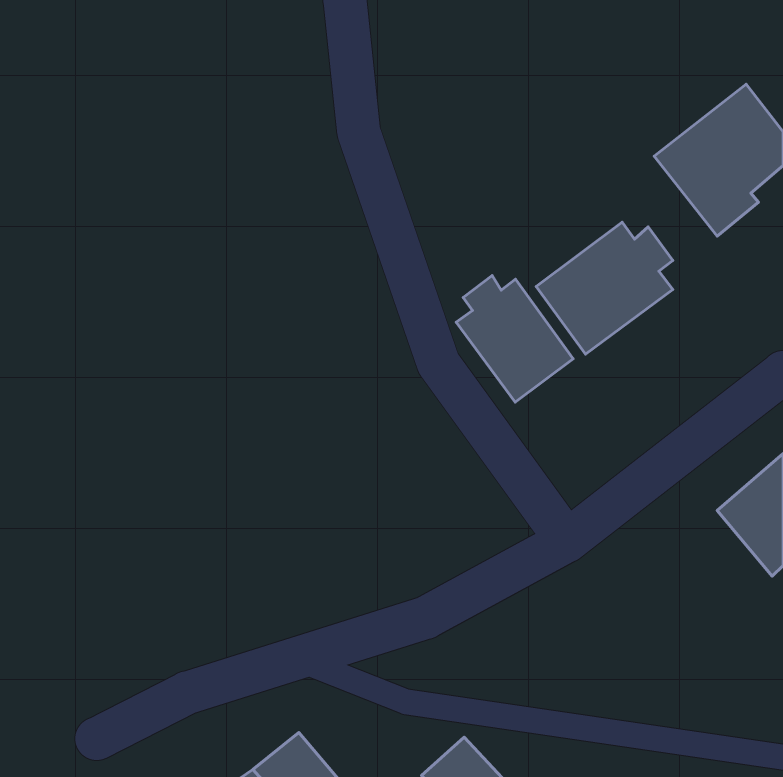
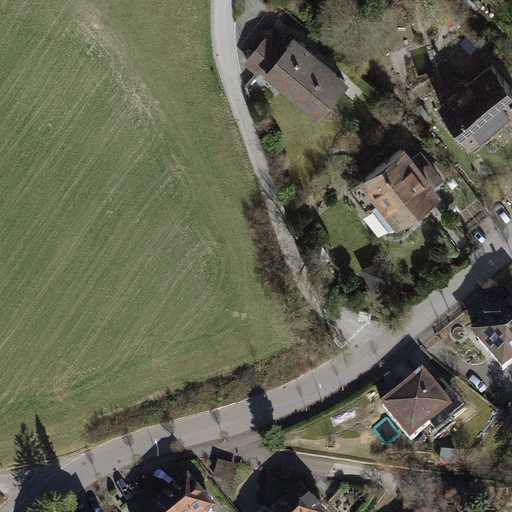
building: none -> [239,33,351,119]
building: [456,276,573,402] -> none
building: none -> [381,377,466,446]

